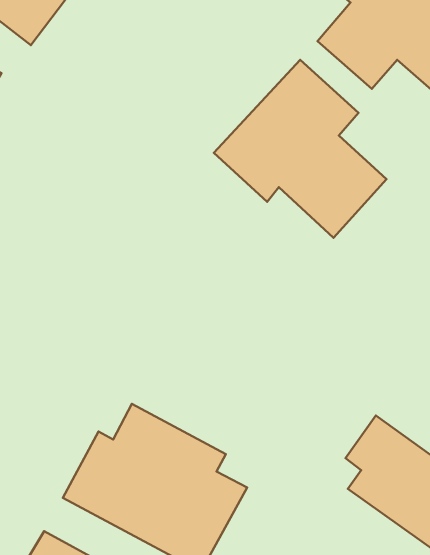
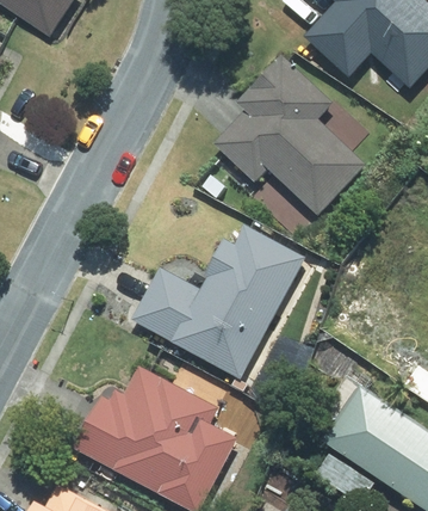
building: none -> [128,222,306,378]

